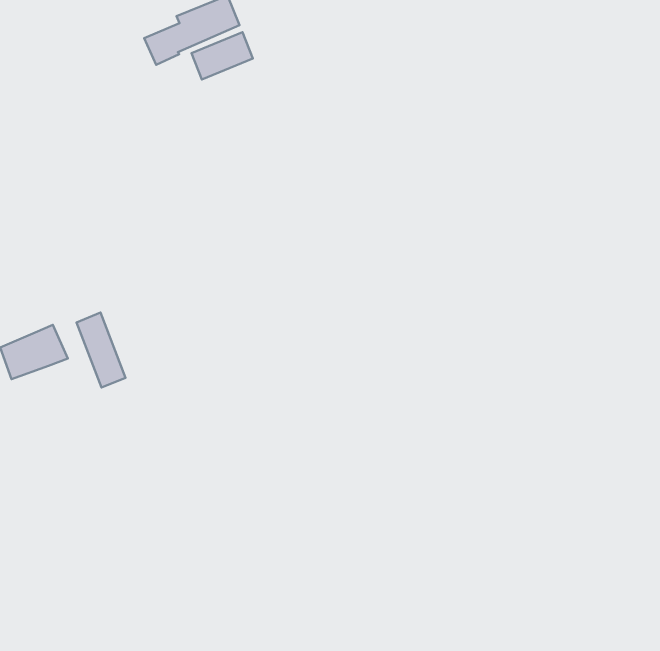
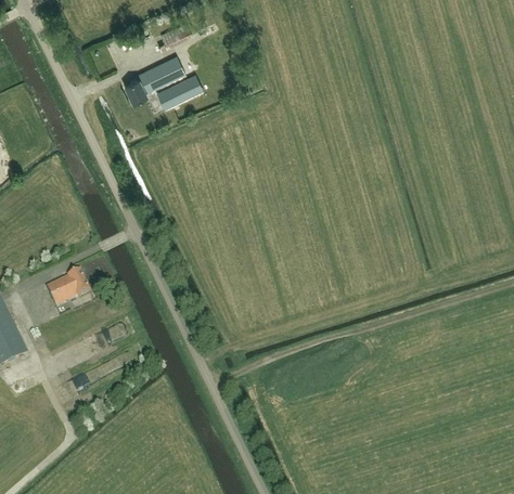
building: [76,313,126,388] -> none

